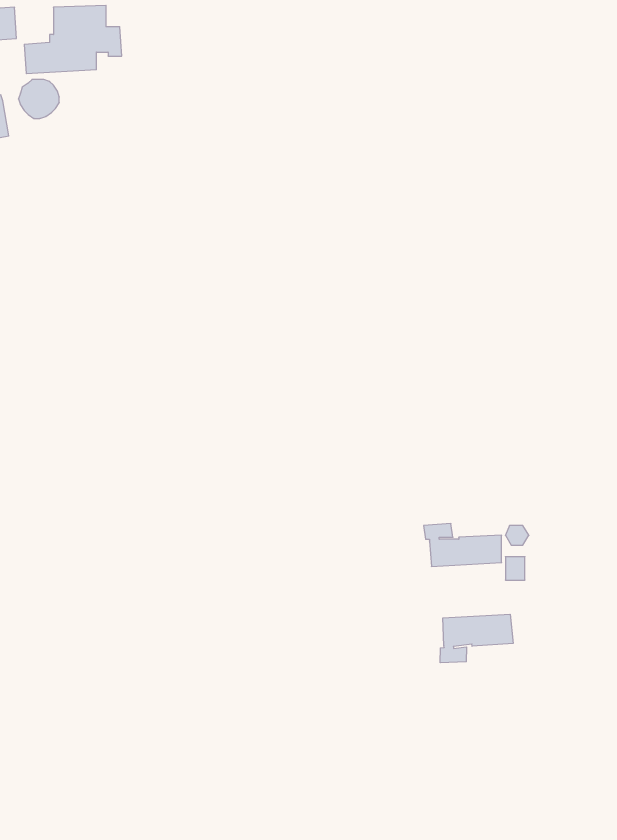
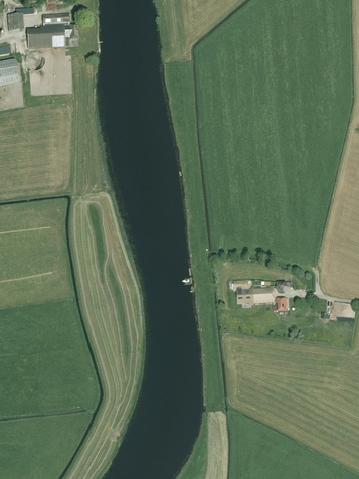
building: [440,614,513,663] -> none

